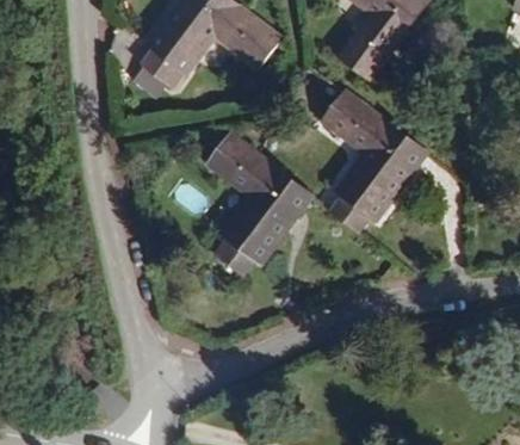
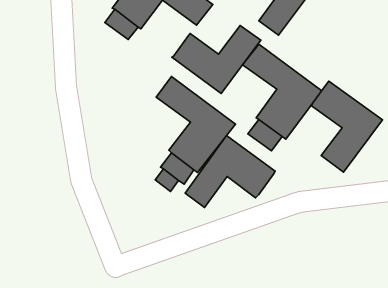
building: none -> [172,25,261,93]
building: none -> [312,81,382,172]
building: none -> [185,136,275,208]

